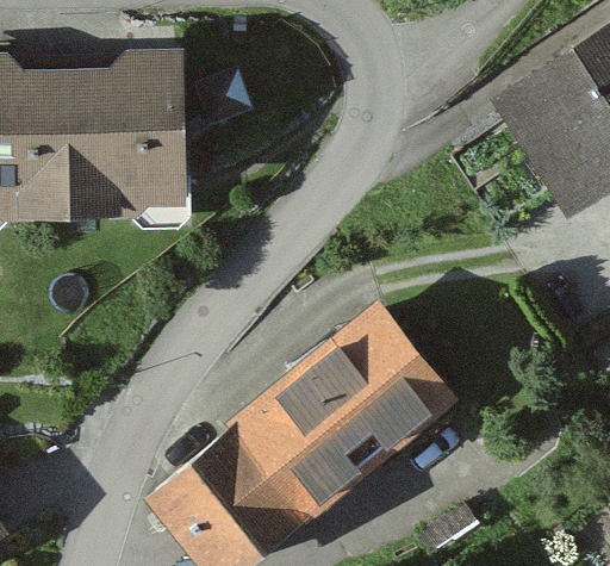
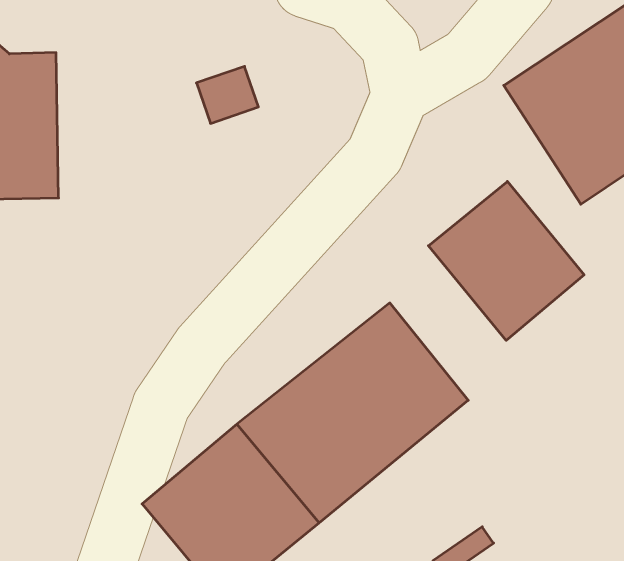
building: [67,54,185,205] -> none
building: none -> [428,181,584,340]

